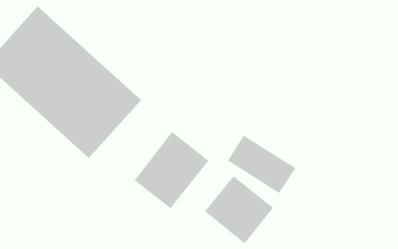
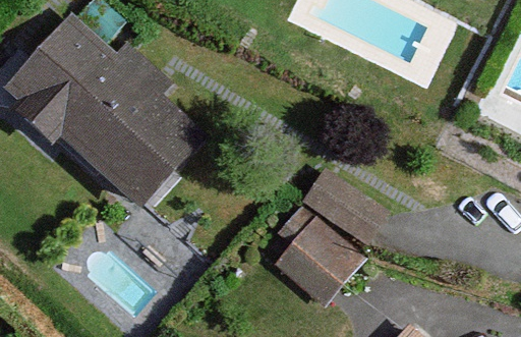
building: [134,131,209,209] -> none

